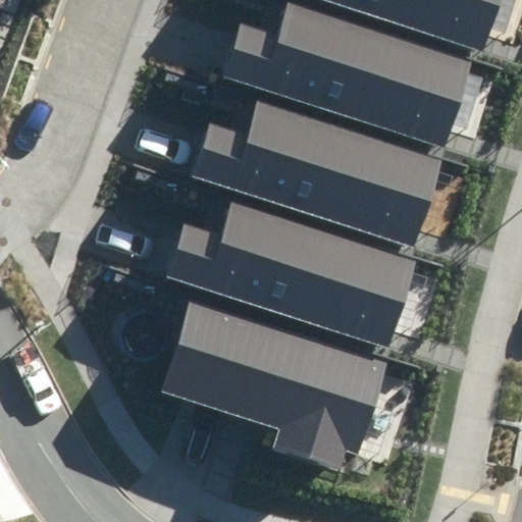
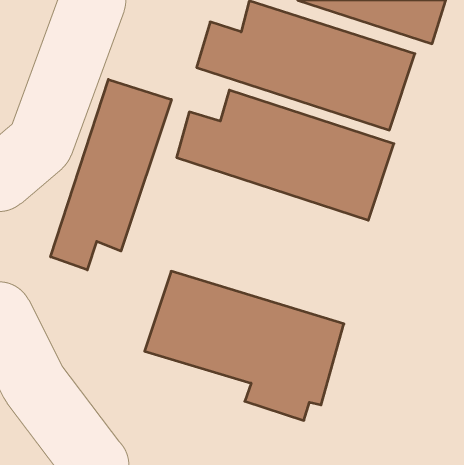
building: none -> [51,79,171,270]
building: [161,198,417,347] -> none

